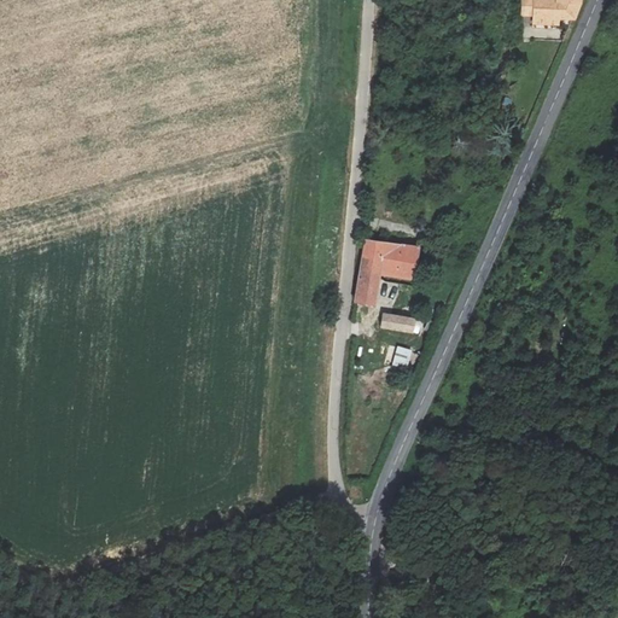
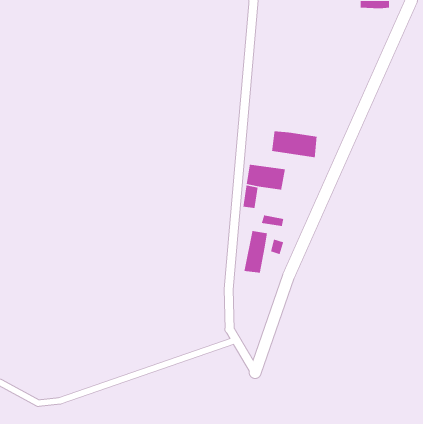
building: none -> [271,131,317,158]
building: none -> [243,230,268,274]

